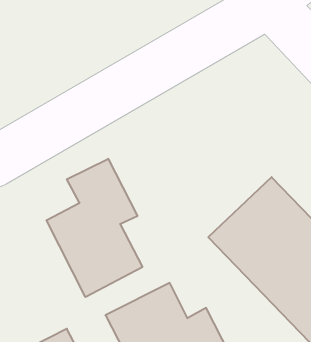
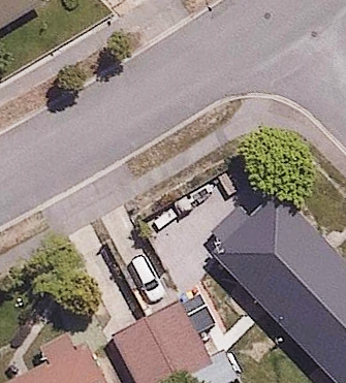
building: [47,159,142,297] -> none

